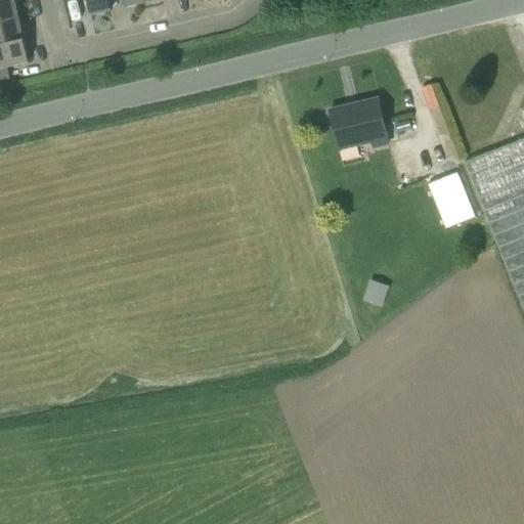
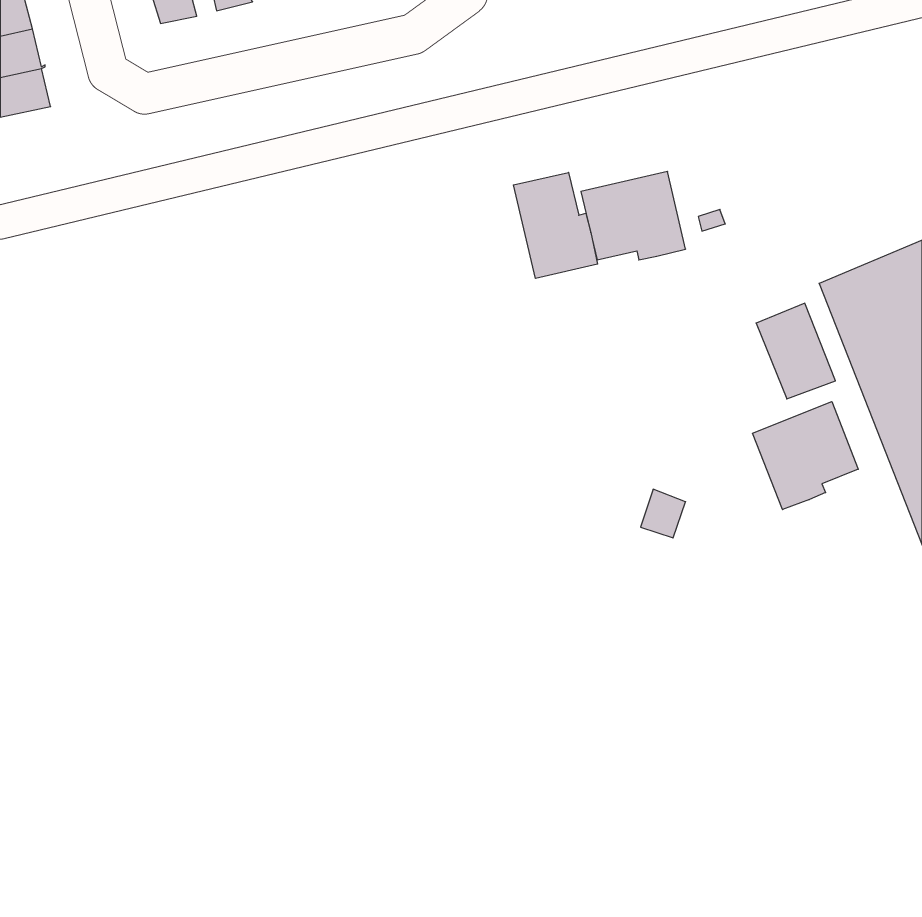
building: none -> [513,172,598,278]
building: none -> [752,402,858,510]

